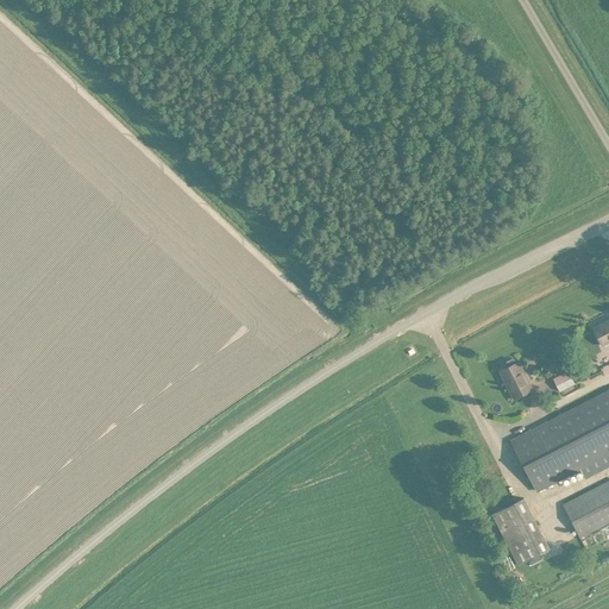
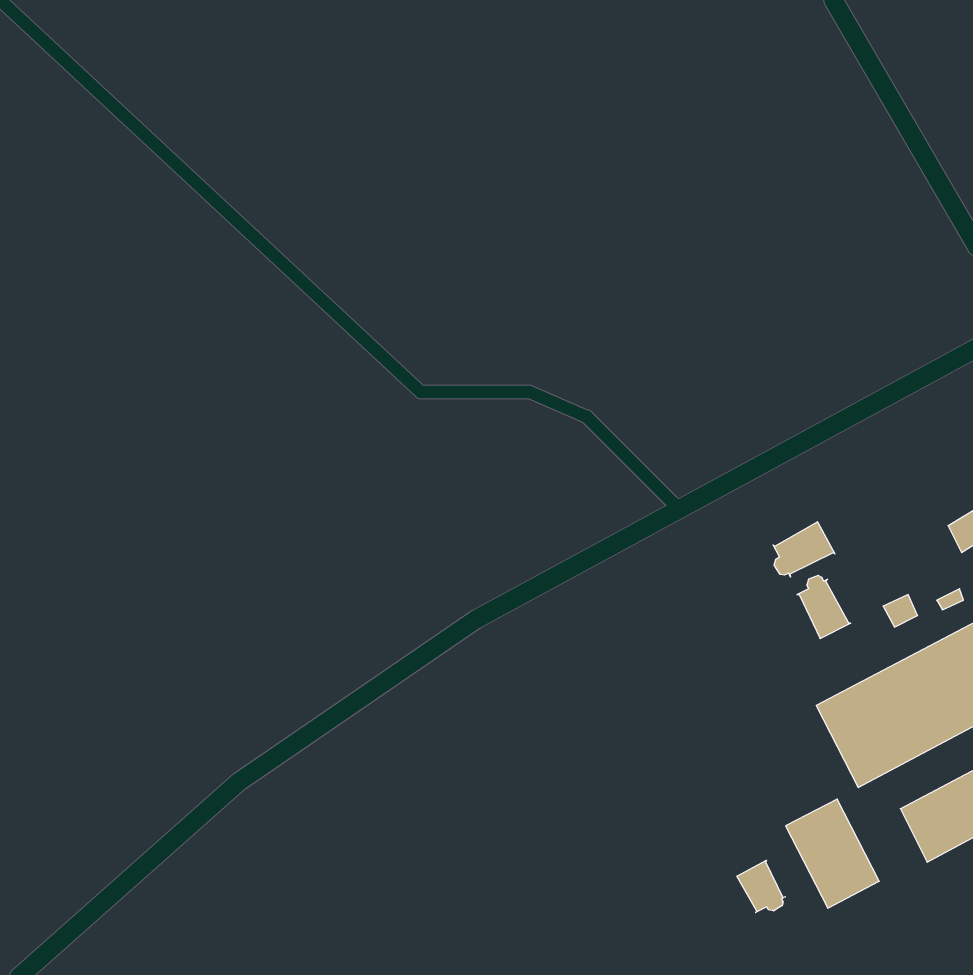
building: none -> [773,522,835,577]
building: none -> [737,860,785,913]

